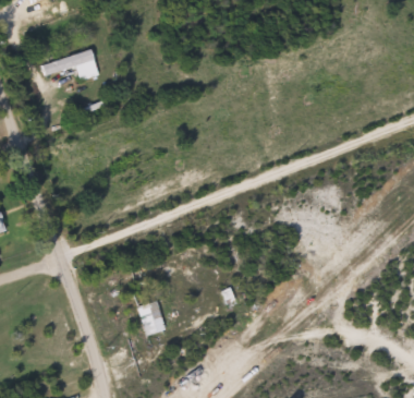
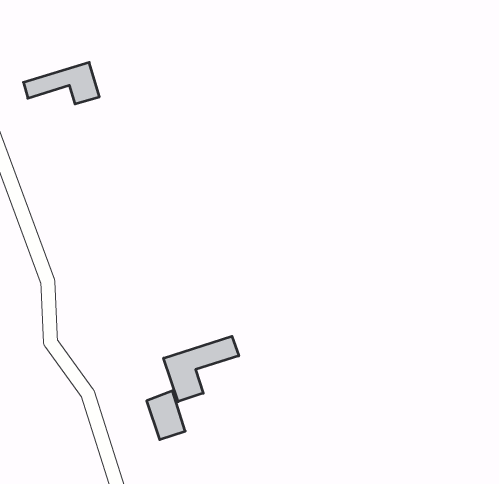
building: none -> [164,336,239,402]

